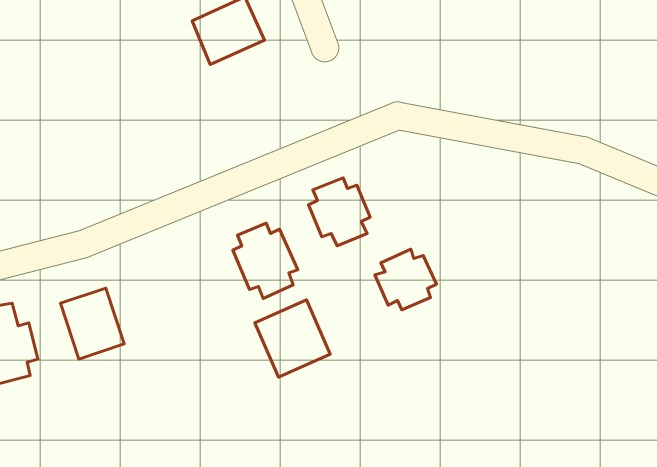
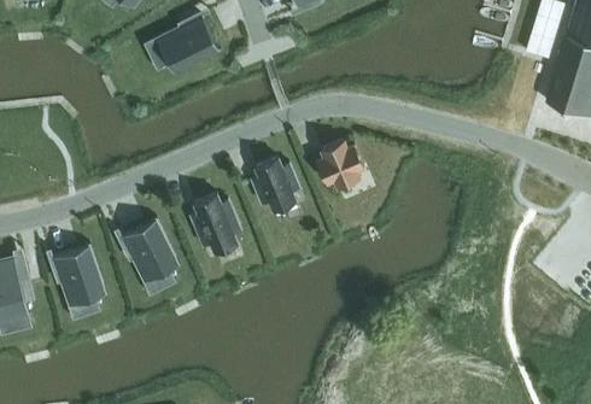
building: [375,249,437,310] -> [316,141,365,189]
building: none -> [122,222,176,280]
building: [255,300,330,377] -> none

